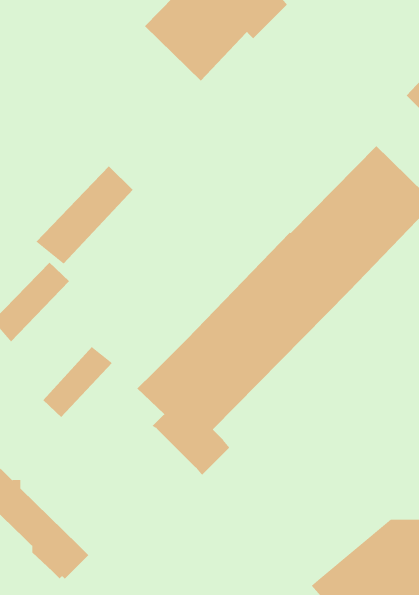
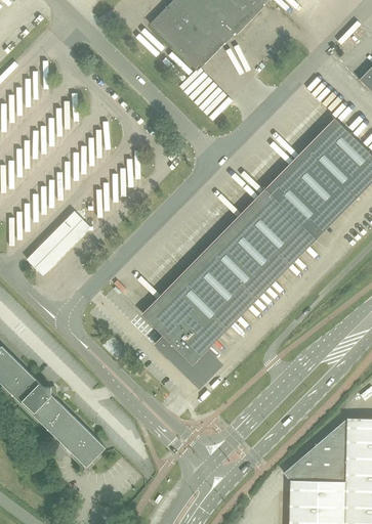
building: [35,166,134,265] -> none
building: [42,346,113,418] -> none

